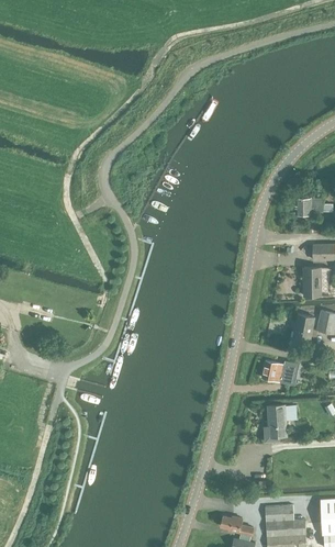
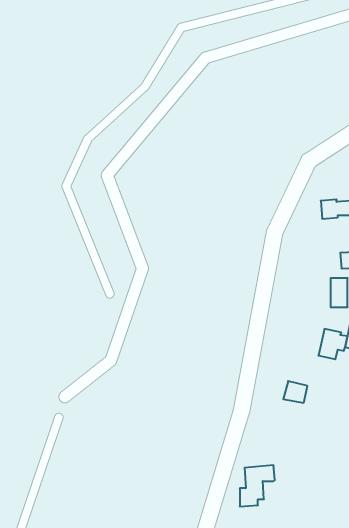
building: [265,404,297,442] -> [240,465,275,506]

